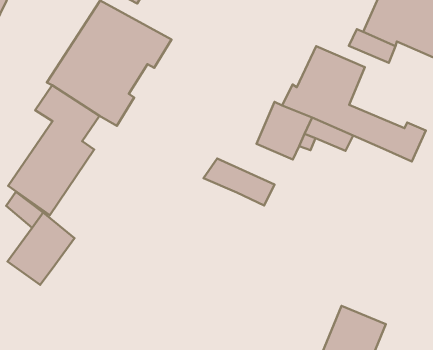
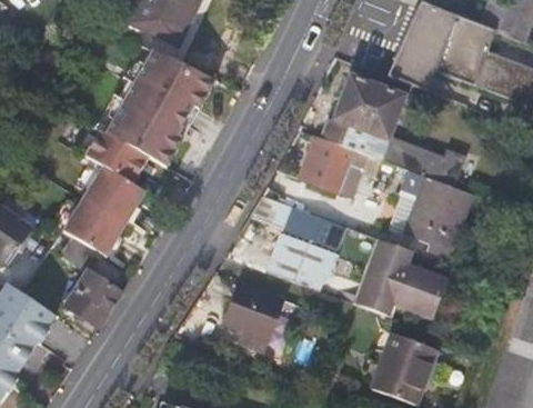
building: none -> [404,176,470,248]
building: none -> [269,217,348,289]
building: none -> [360,242,445,316]
building: none -> [223,285,280,350]

